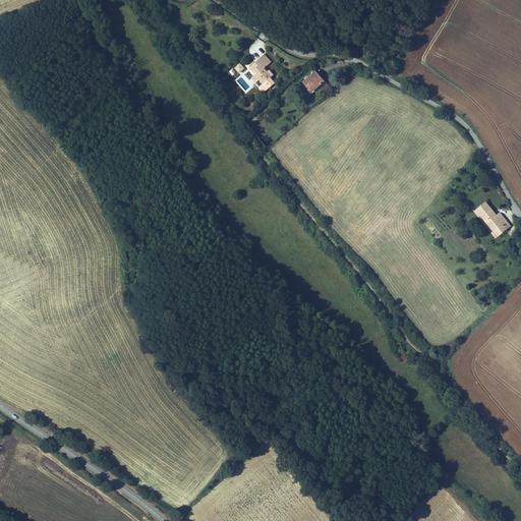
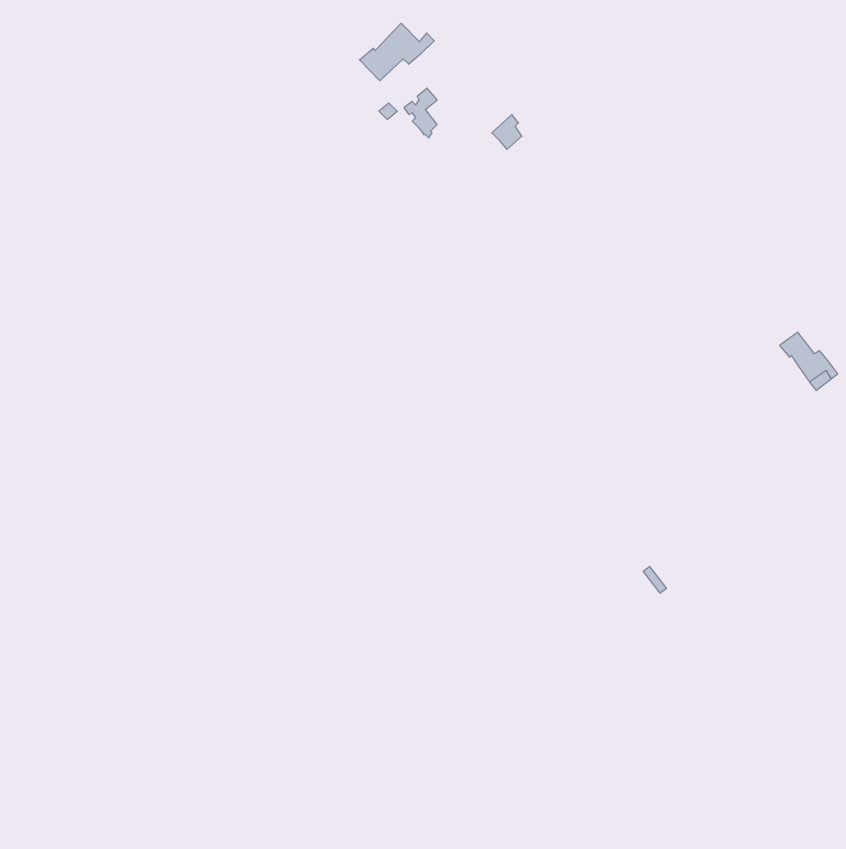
building: none -> [359,23,434,81]

